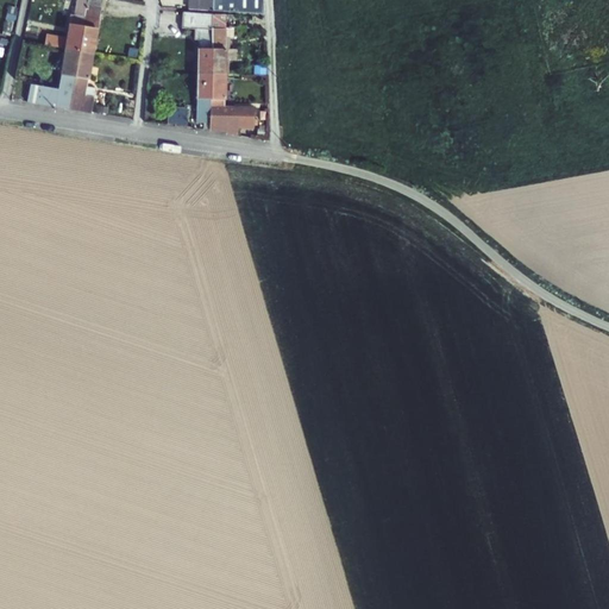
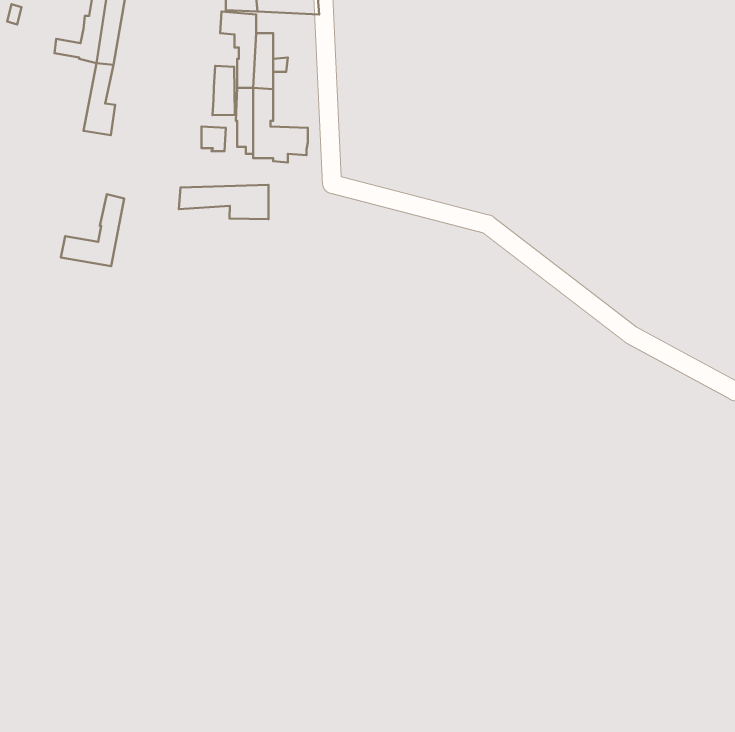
building: [27,49,80,108] -> [61,194,124,266]
building: none -> [213,66,235,115]
building: none -> [179,185,269,219]

